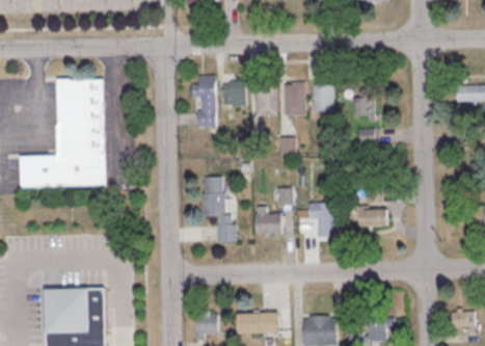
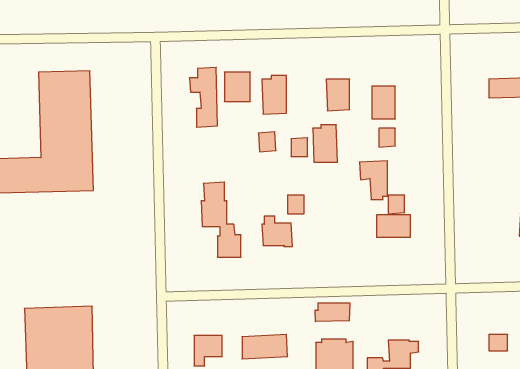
building: [285,82,306,115] -> [313,125,337,162]
building: [308,203,333,237] -> [359,161,388,200]
building: none -> [315,303,350,322]

